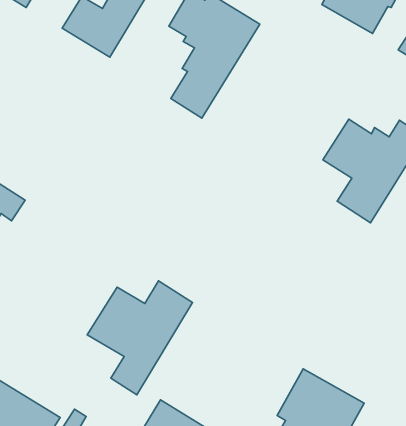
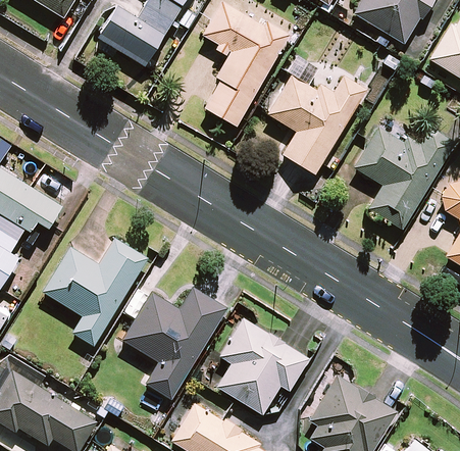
building: none -> [268,77,365,174]
building: none -> [44,239,146,345]
building: none -> [217,318,308,414]

